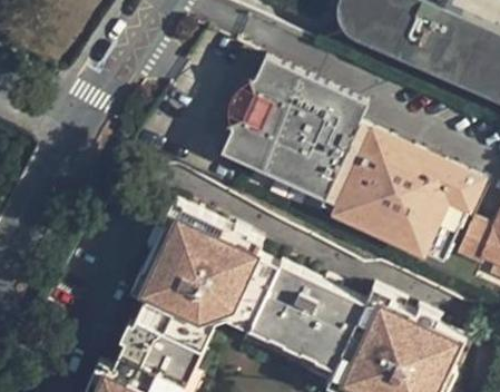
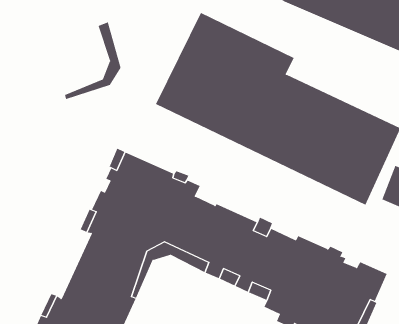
building: none -> [65,22,121,100]

